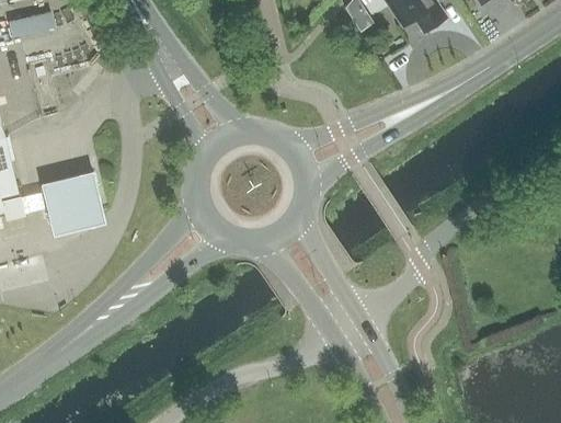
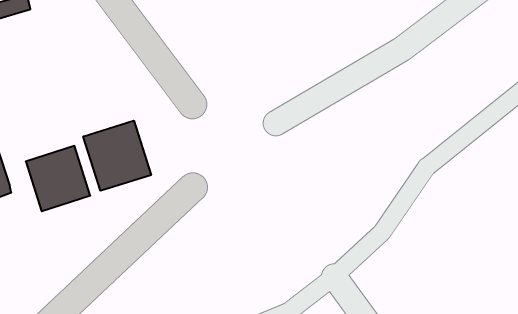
building: none -> [83,121,151,191]

